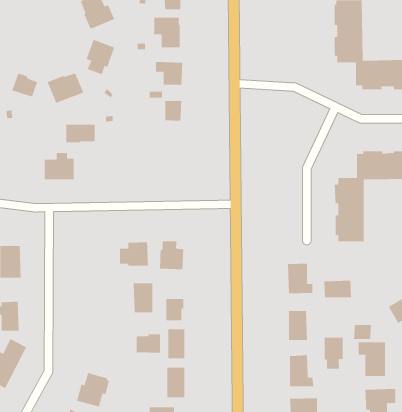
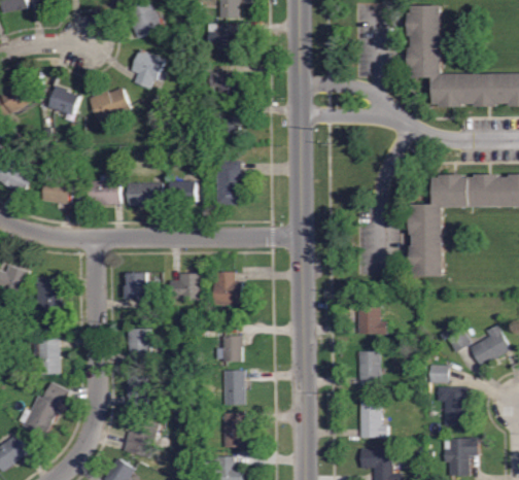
building: [66,124,95,143] -> [129,184,162,206]
building: none -> [217,162,242,205]
building: none -> [171,176,198,204]
building: none -> [44,179,74,205]
building: none -> [125,274,147,299]
building: [323,280,352,298] -> none
building: [133,283,153,313] -> [127,330,149,364]
building: none -> [127,373,146,406]
building: [136,333,161,354] -> none
building: [324,337,344,369] -> none

